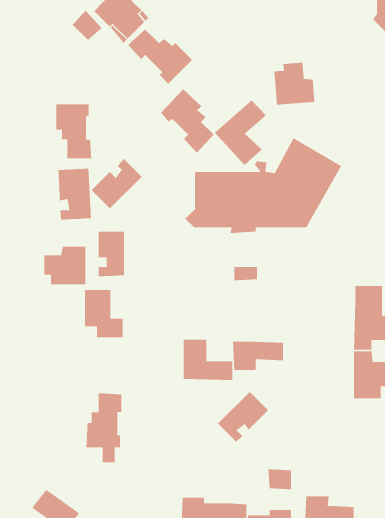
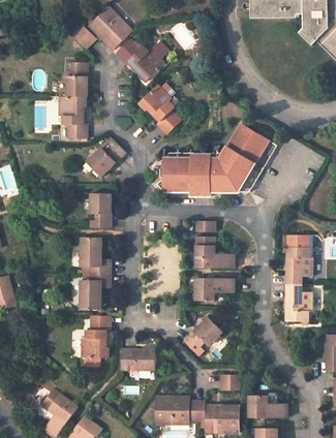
building: none -> [66,62,87,96]
building: [273,62,315,106] -> none
building: [214,100,267,166] -> none
building: [58,168,92,220] -> none
building: [43,246,86,285] -> none
building: none -> [81,275,111,310]
building: [183,339,233,381] -> [194,236,233,268]
building: none -> [120,348,155,370]

